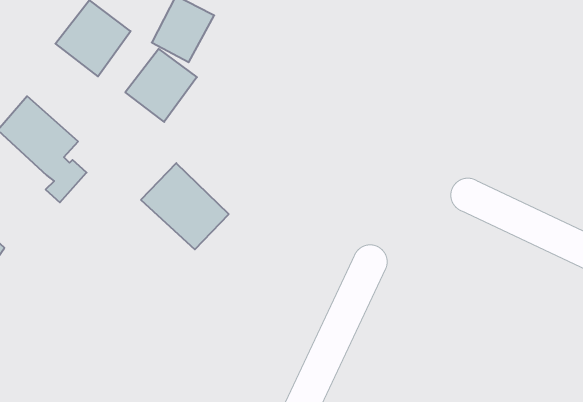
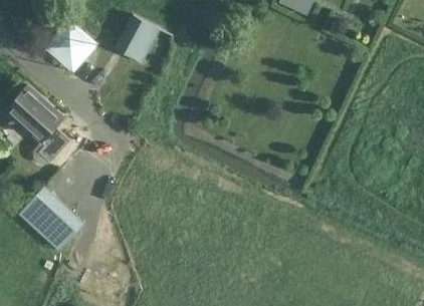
building: [125,49,197,122] -> none
building: [141,163,229,249] -> [19,188,81,249]

